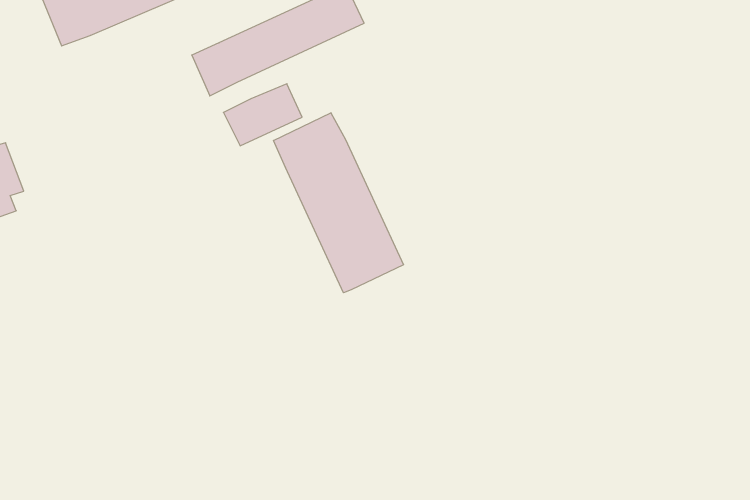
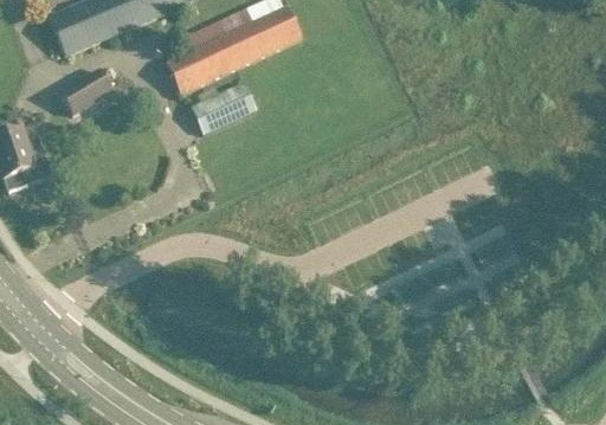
building: none -> [63,70,111,112]
building: [274,113,404,293] -> none

